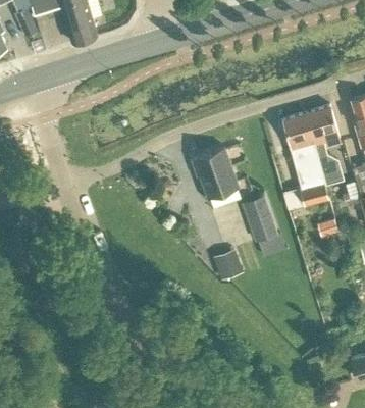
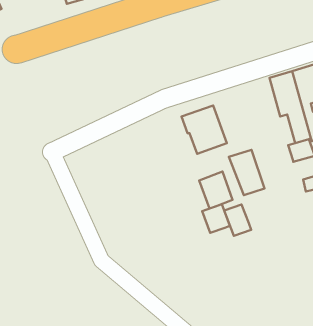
building: none -> [199,172,233,208]
building: none -> [224,204,251,236]

